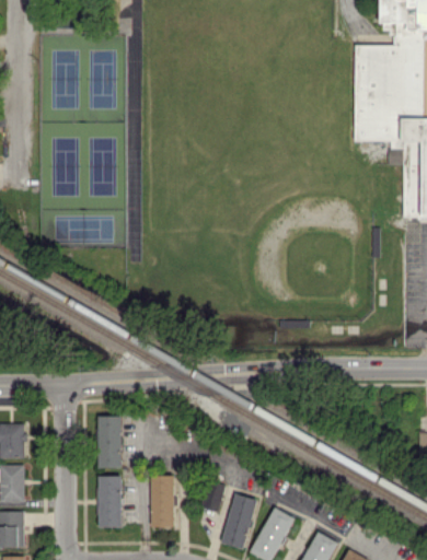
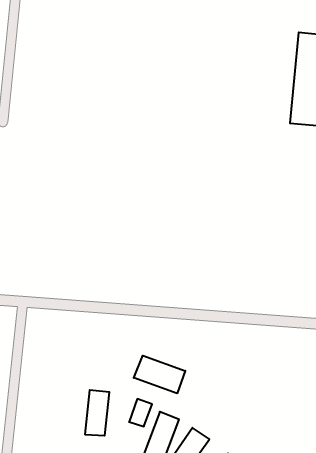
building: [99,416,123,468] -> none
building: none -> [134,356,185,393]
building: [100,476,123,527] -> none

